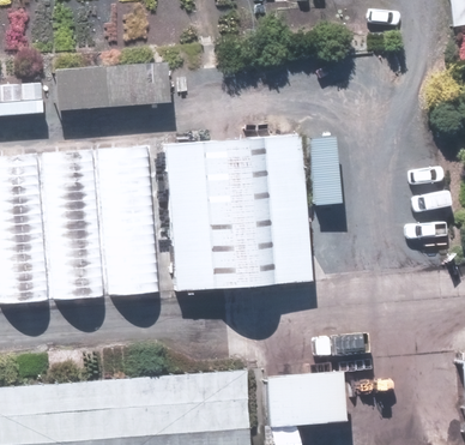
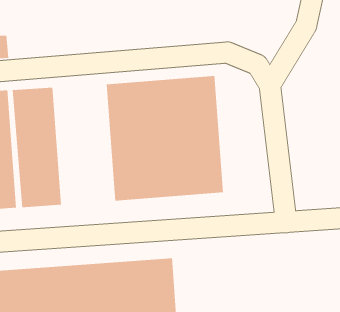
building: [56,62,170,113] -> none
building: [105,144,167,295] -> none
building: [264,363,340,421] -> none

